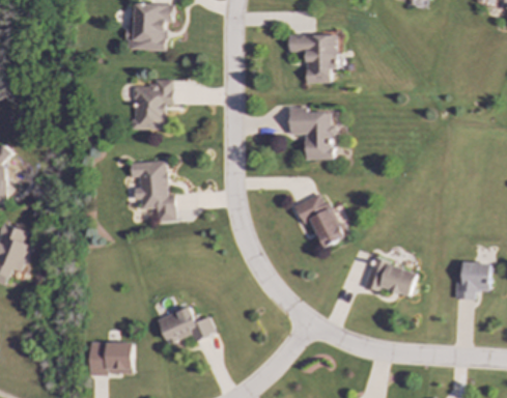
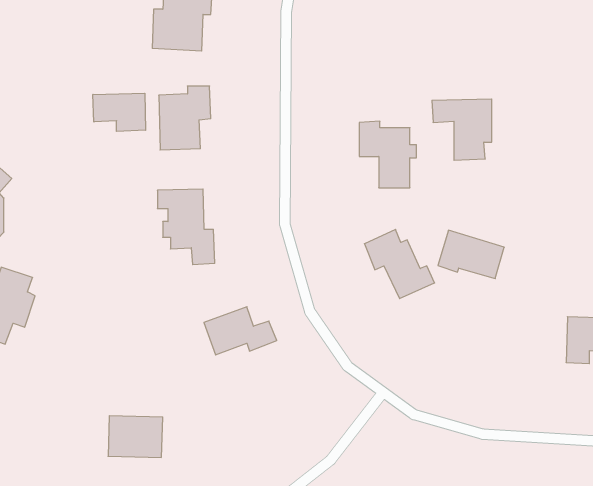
building: [287,34,335,83] -> [432,99,492,160]
building: none -> [93,93,146,131]
building: [363,258,416,296] -> [438,230,504,279]
building: [157,306,215,344] -> [204,307,277,355]

